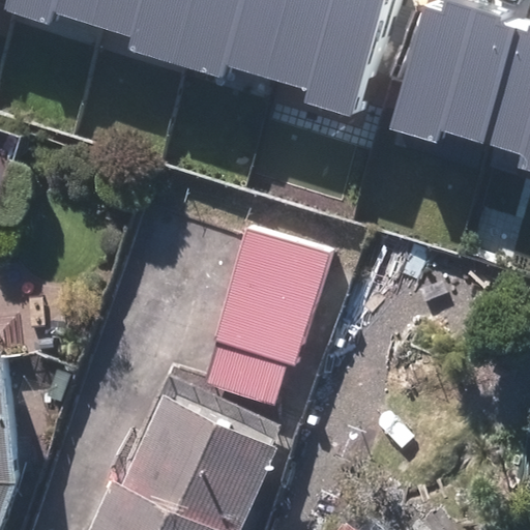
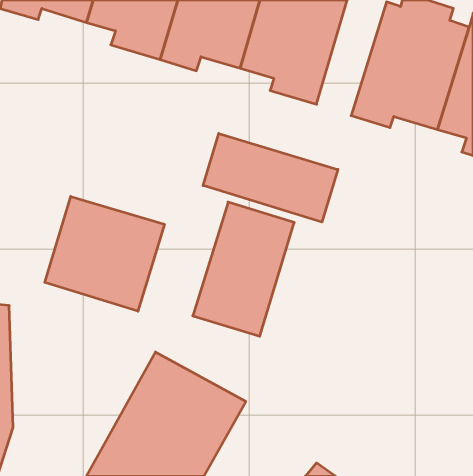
building: none -> [203,133,338,222]
building: none -> [45,196,164,311]

